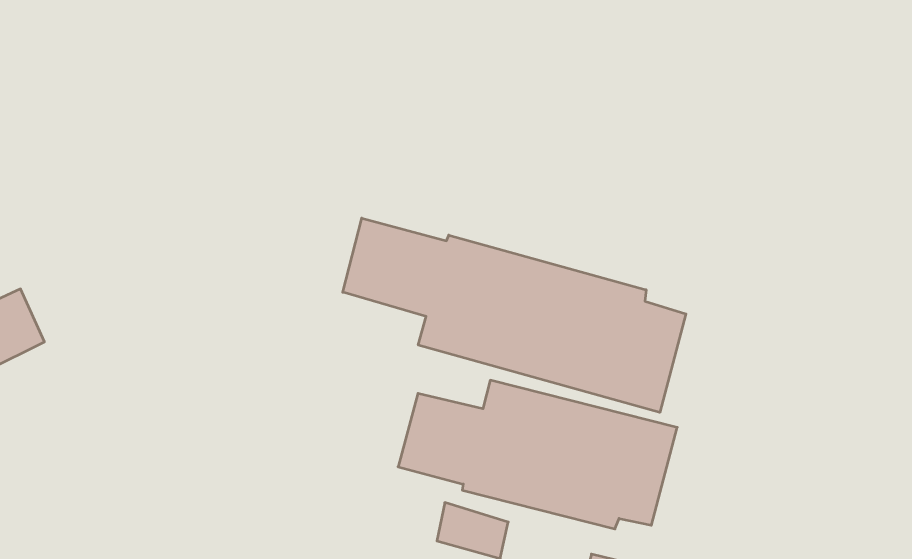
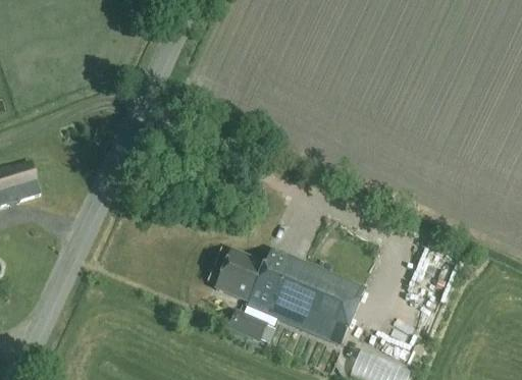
building: [343,218,686,412] -> none

